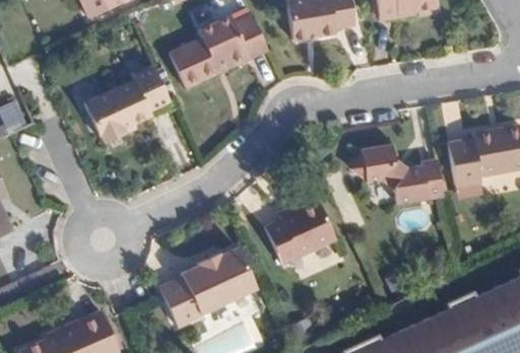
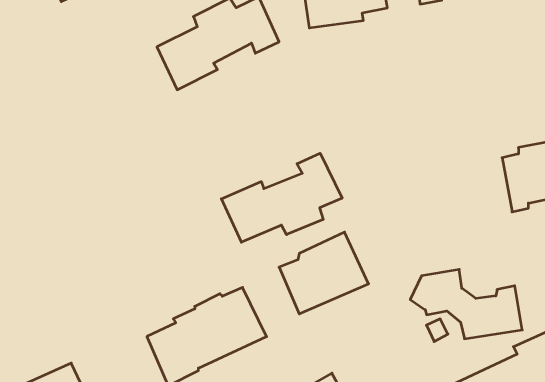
building: [84,66,171,144] -> none
building: none -> [221,153,342,242]
building: [353,148,444,204] -> [410,269,522,339]

